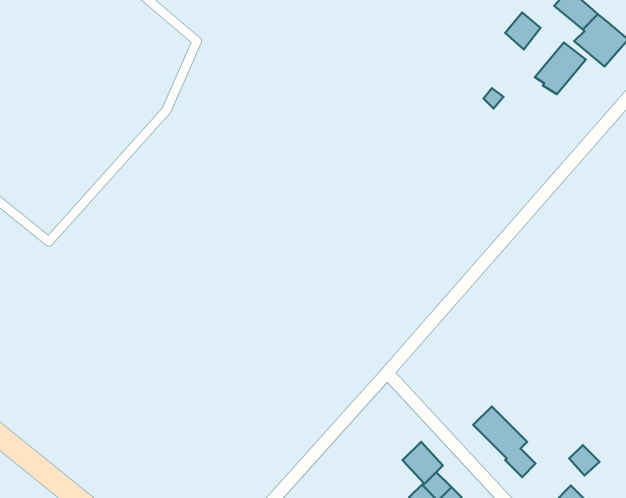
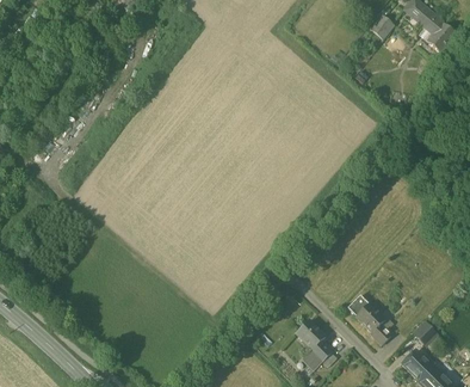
building: [535,43,586,94] -> none

